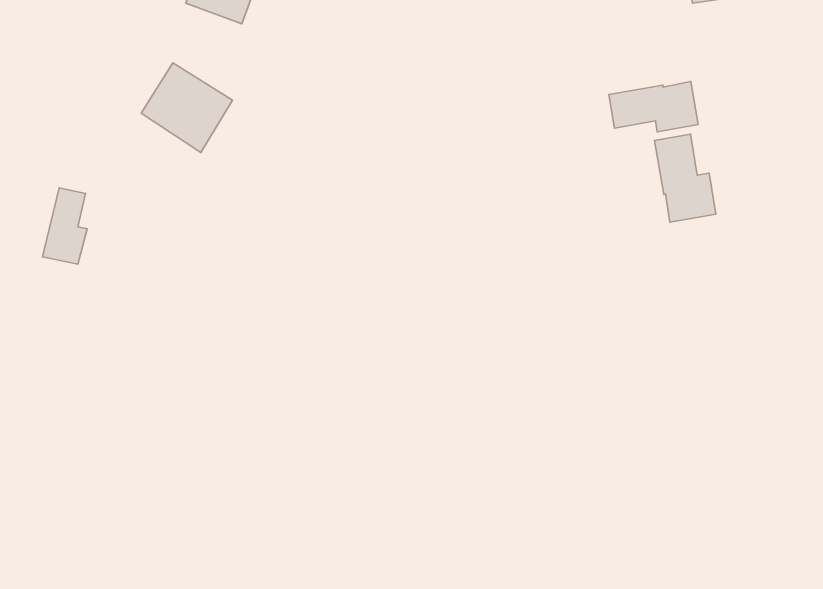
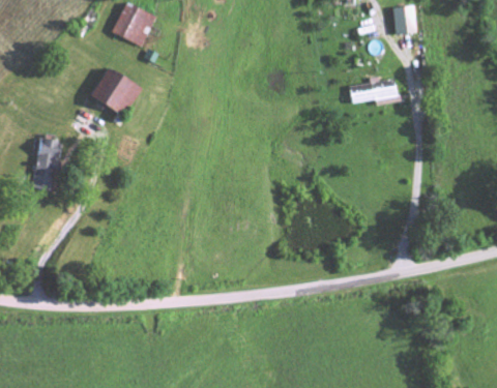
building: [654,134,716,222] -> none

